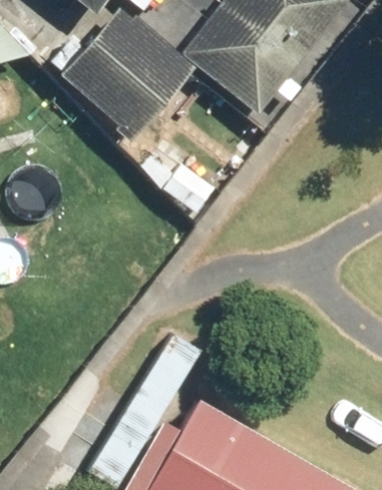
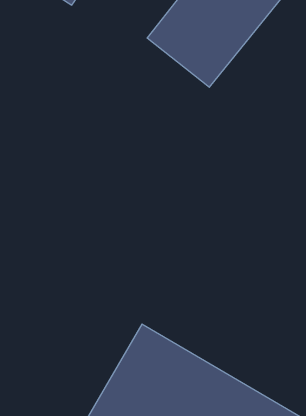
building: [69,19,192,140] -> none

